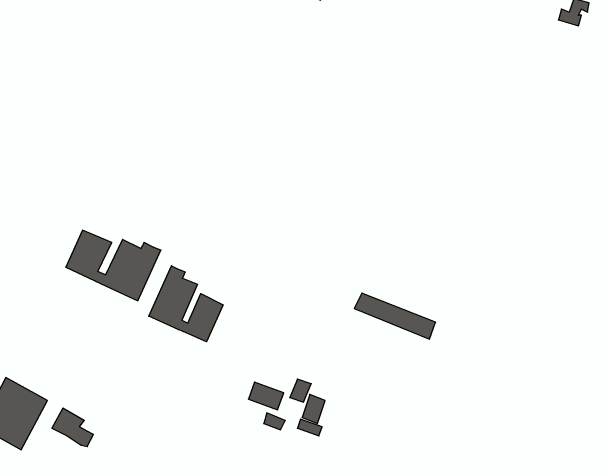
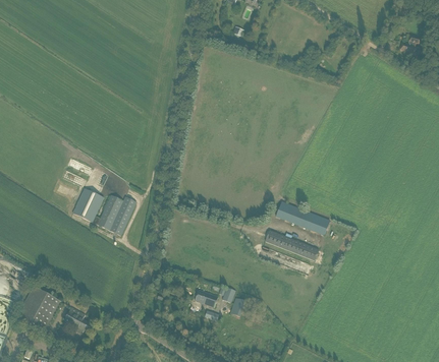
building: none -> [275,201,330,234]
building: [149,266,223,342] -> none

